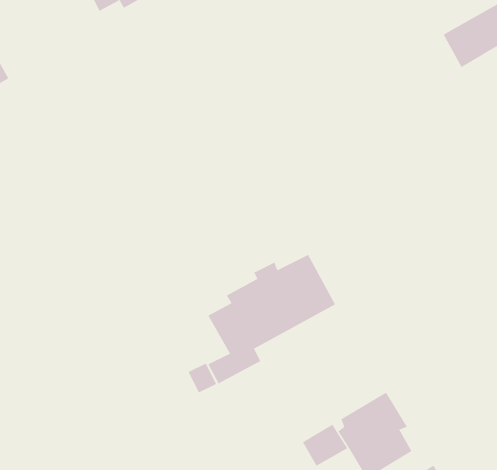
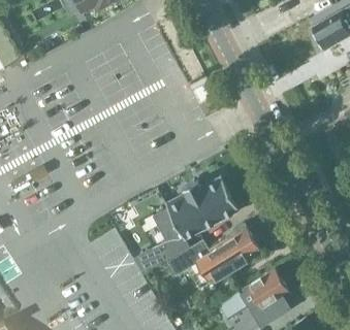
building: none -> [166,225,258,284]

